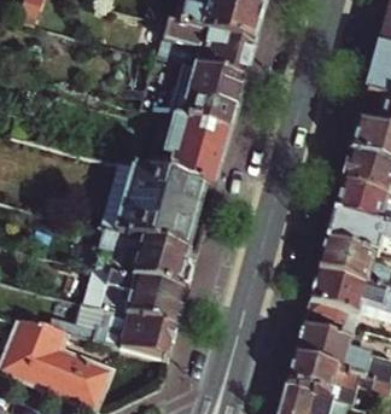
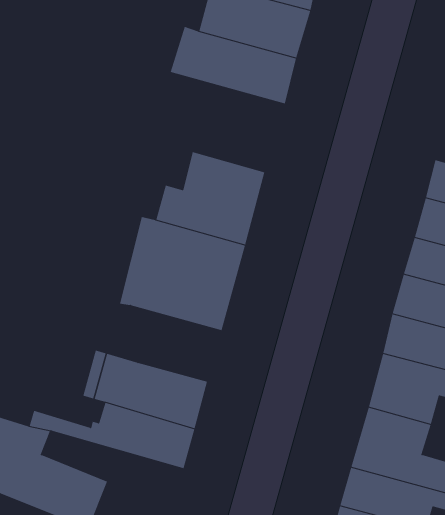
building: [140,57,244,133] -> none
building: [119,234,196,292] -> none

